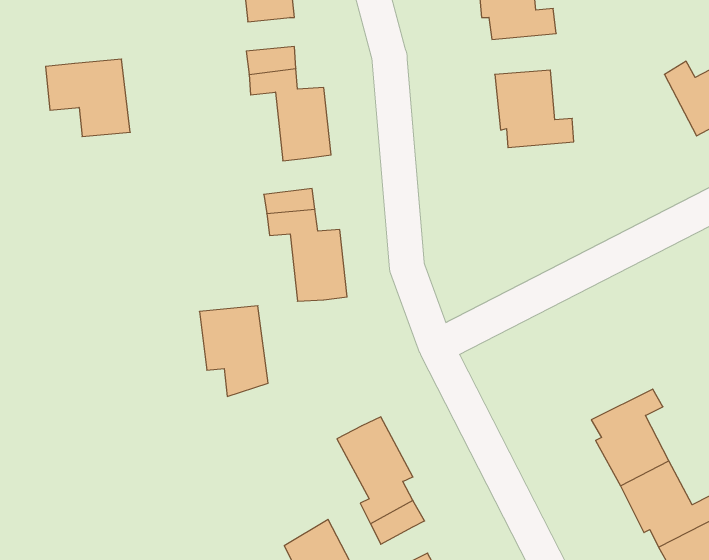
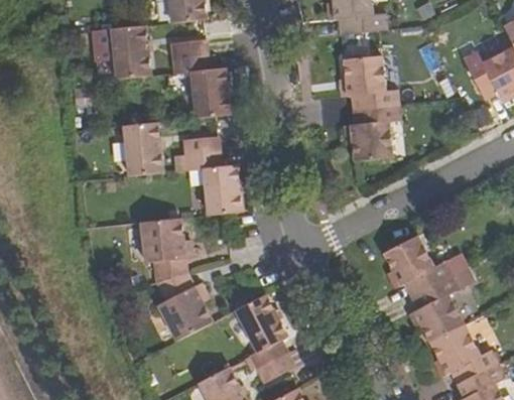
building: [46,59,130,137] -> [92,25,150,79]
building: none -> [349,105,399,159]
building: none -> [124,122,164,175]
building: none -> [382,235,452,296]
building: none -> [158,271,212,341]

